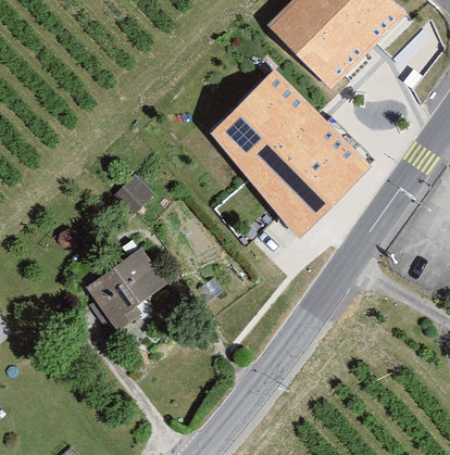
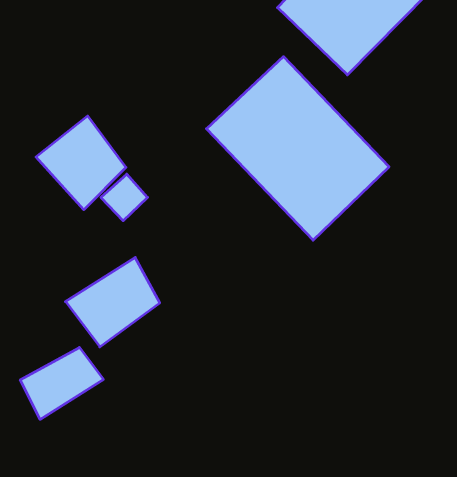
building: none -> [36,116,126,210]
building: none -> [20,347,103,419]

